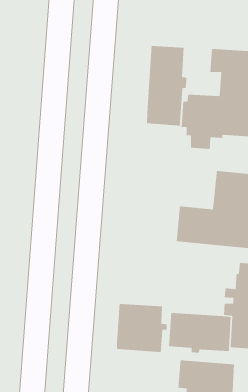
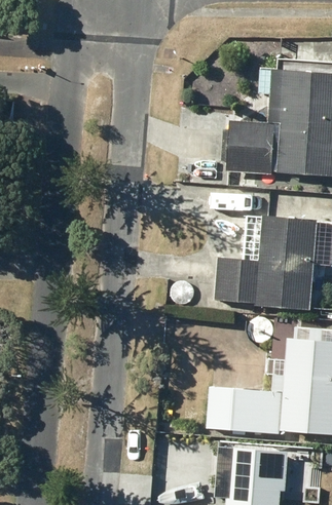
building: [146,45,187,127] -> none
building: [116,303,168,353] -> none

